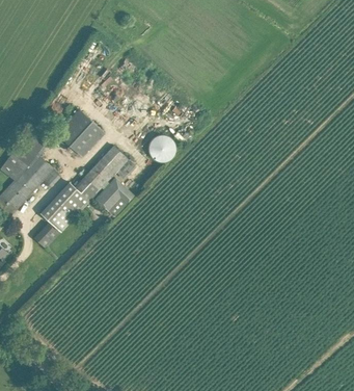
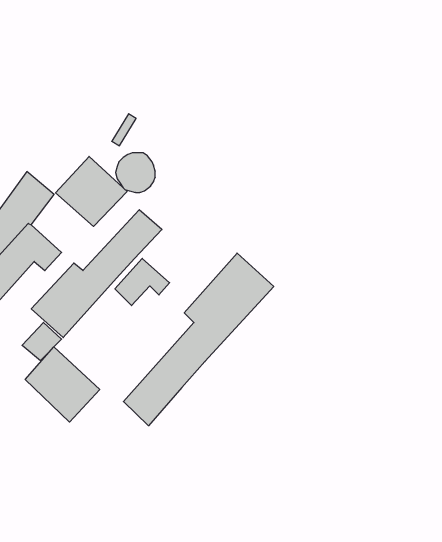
building: [148,135,175,162] -> [116,153,155,192]
building: none -> [123,253,274,426]
building: none -> [25,347,100,422]

